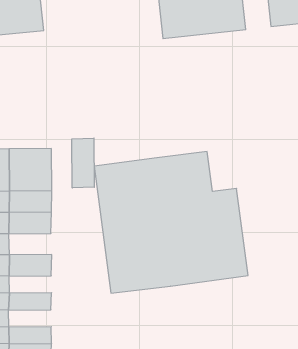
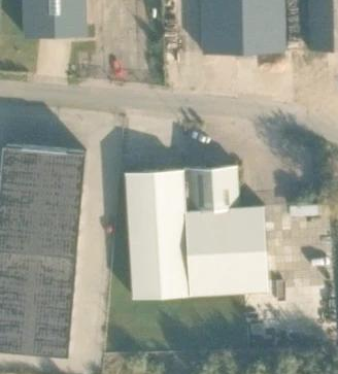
building: [72,138,94,188] -> none
building: none -> [36,232,78,256]
building: none -> [33,273,75,293]
building: none -> [30,306,72,326]

